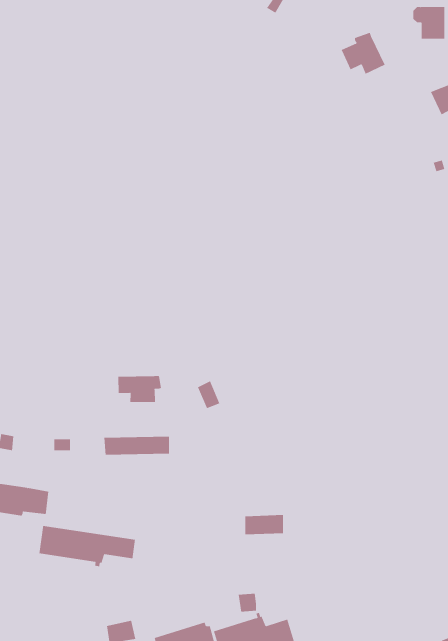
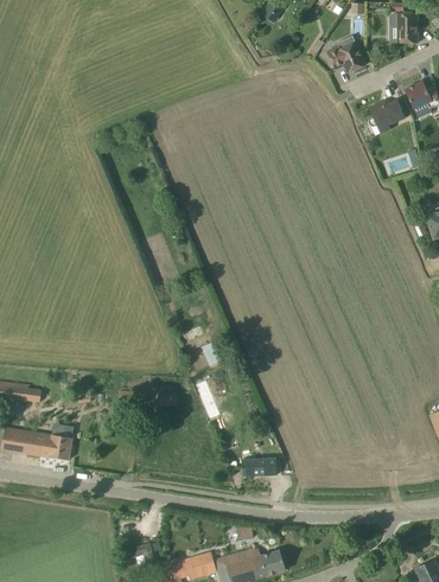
building: none -> [368,98,405,126]
building: [118,375,161,403] -> none
building: [39,525,135,567] -> none

